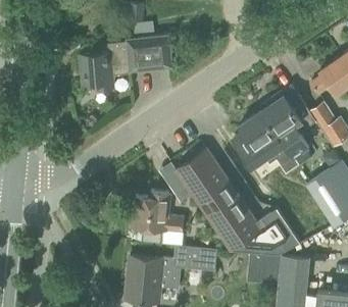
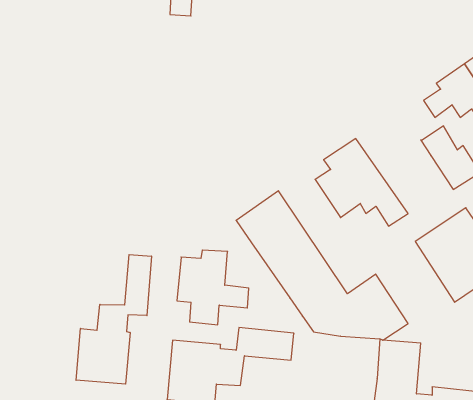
building: [80,35,173,91] -> none
building: [262,91,316,164] -> none
building: none -> [76,255,151,384]
building: [248,253,280,284] -> none

